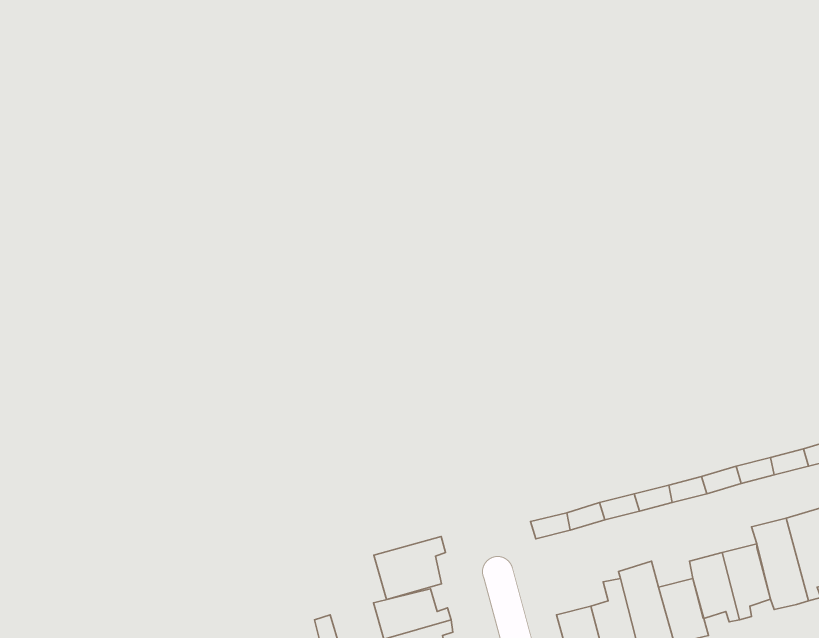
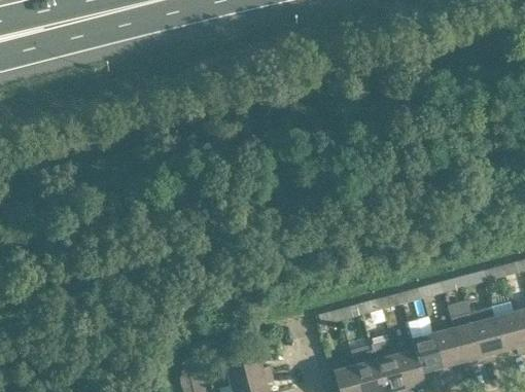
building: [374,537,445,600] -> none

